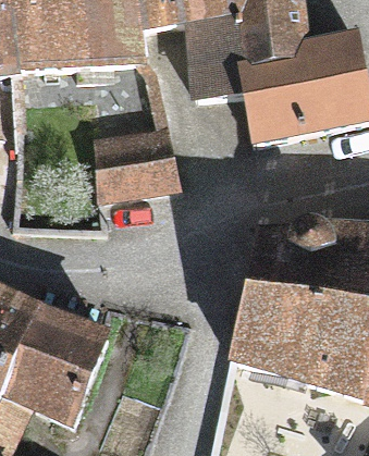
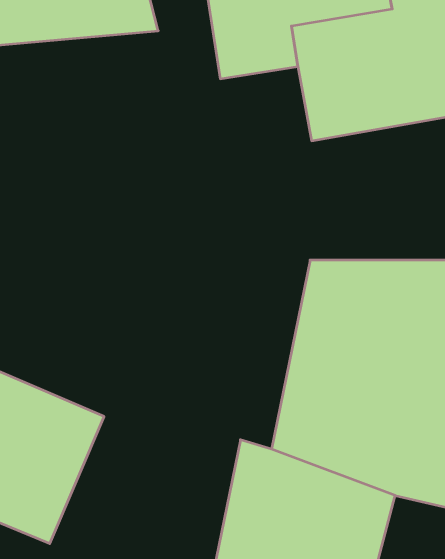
building: [90,133,176,207] -> none

